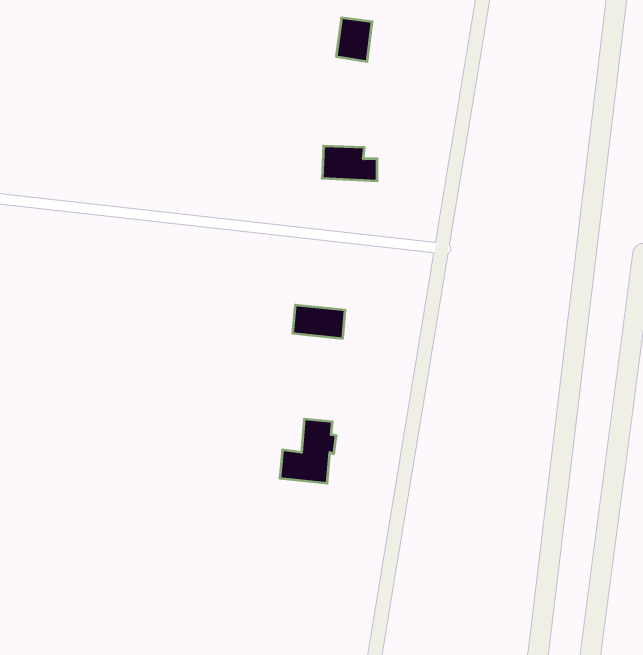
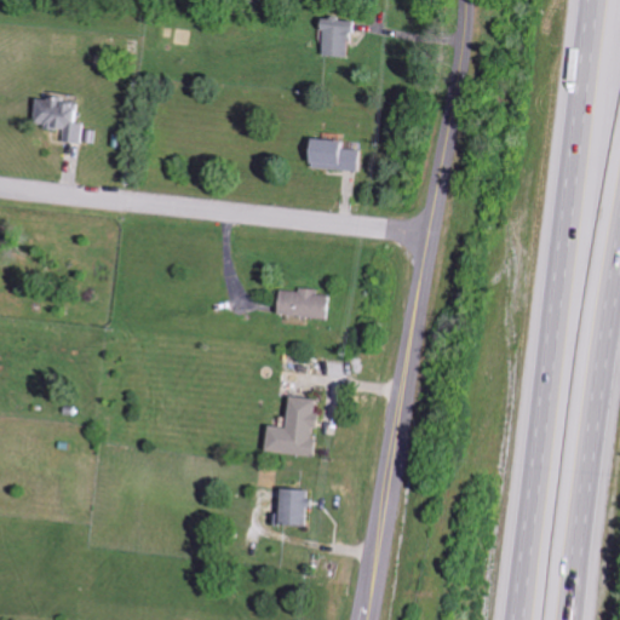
building: none -> [30,96,79,143]
building: none -> [276,489,303,526]

